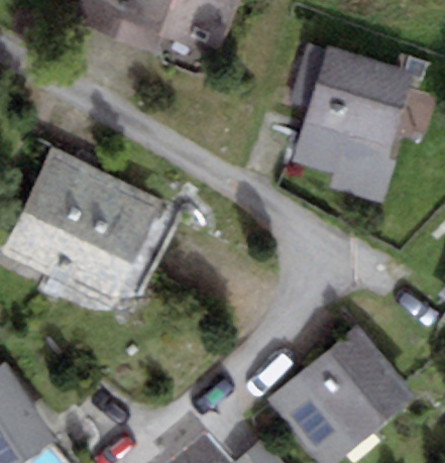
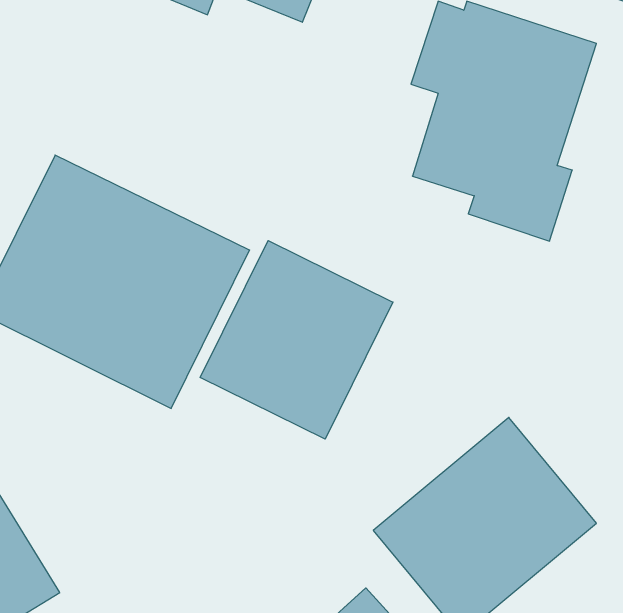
building: none -> [200,241,393,439]

